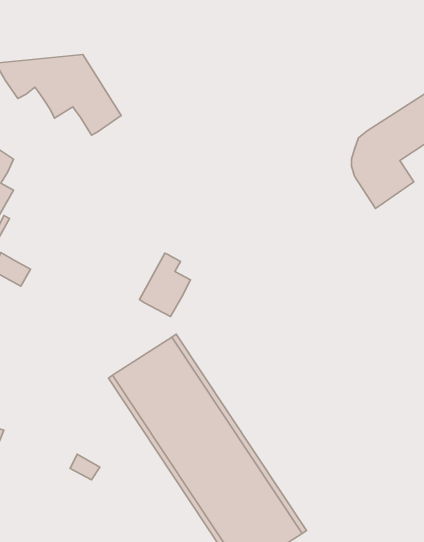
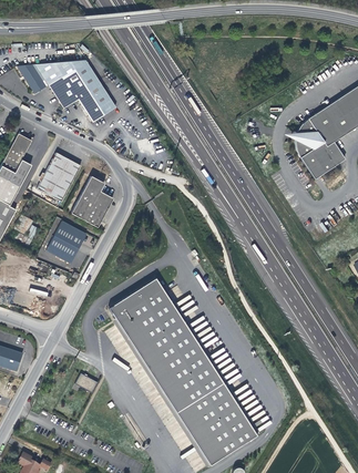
building: none -> [35,152,80,200]
building: [140,253,190,317] -> [71,176,111,226]
building: none -> [45,220,85,263]

